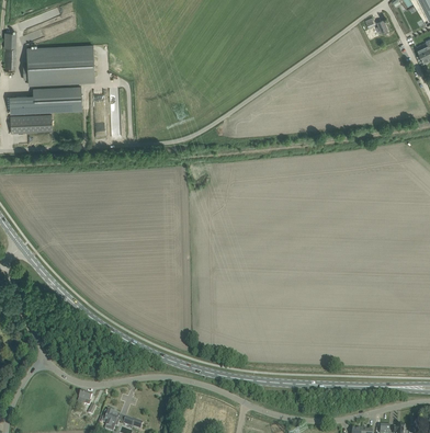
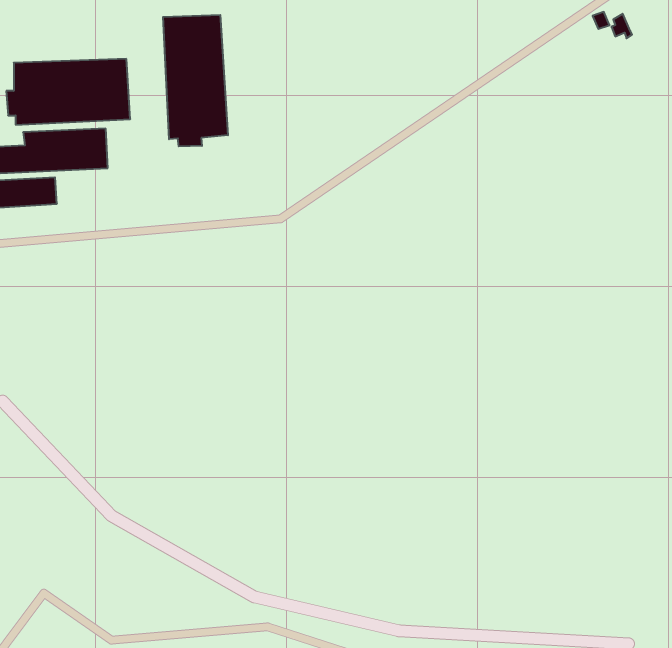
building: none -> [163,15,228,146]

